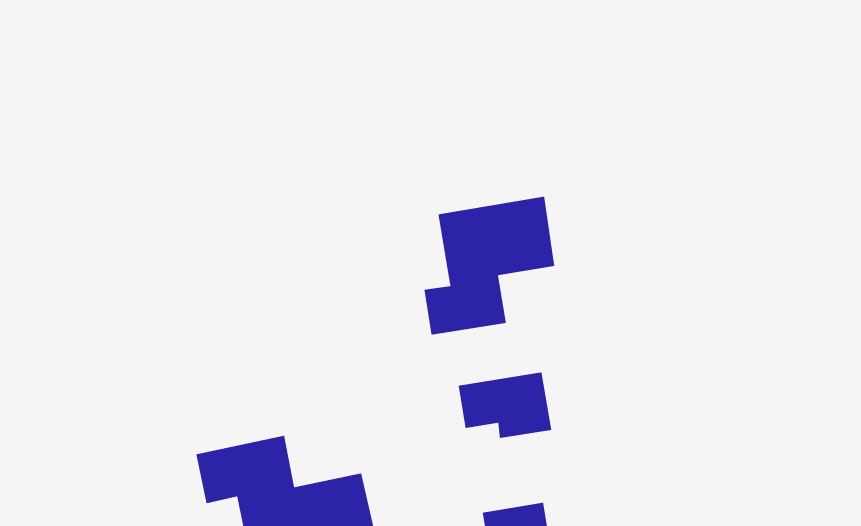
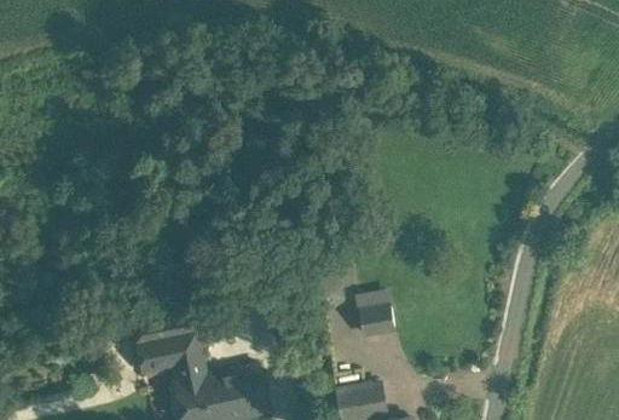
building: [424,196,555,336] -> none

